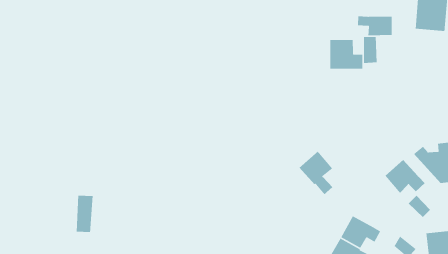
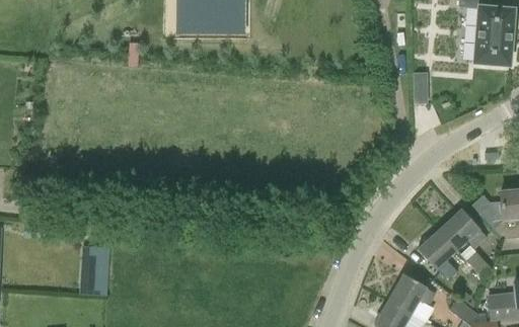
building: [357,16,393,36] -> none
building: [330,39,363,70] -> none
building: [298,151,333,195] -> [418,230,457,280]

